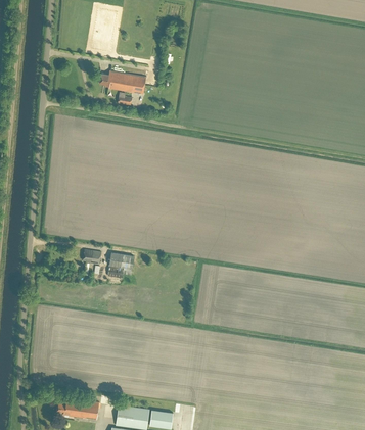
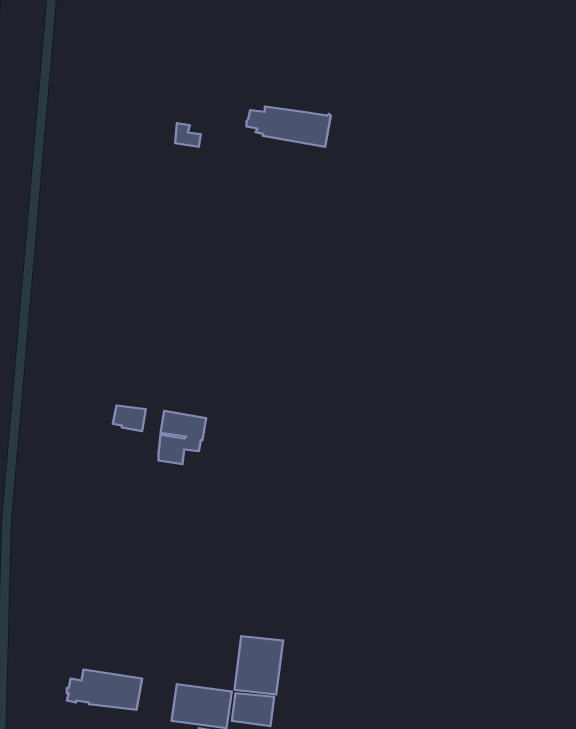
building: [98,71,145,94] -> [246,106,331,147]
building: none -> [234,636,283,694]

